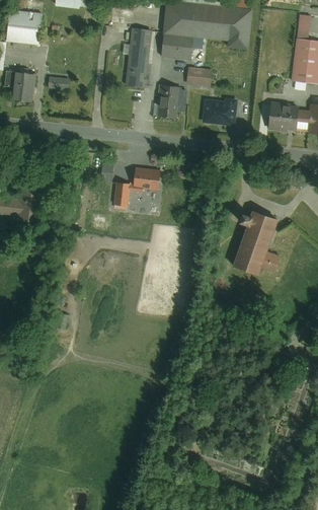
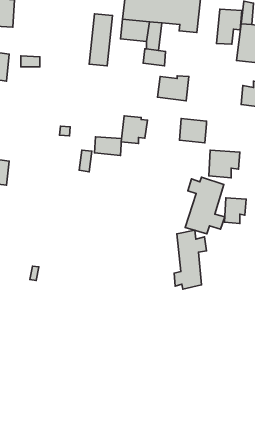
building: none -> [217,9,242,44]
building: [158,86,187,118] -> [121,116,147,144]
building: [268,103,299,131] -> [180,118,206,143]
building: none -> [209,150,240,178]
building: none -> [225,198,246,223]
building: none -> [174,230,206,289]

